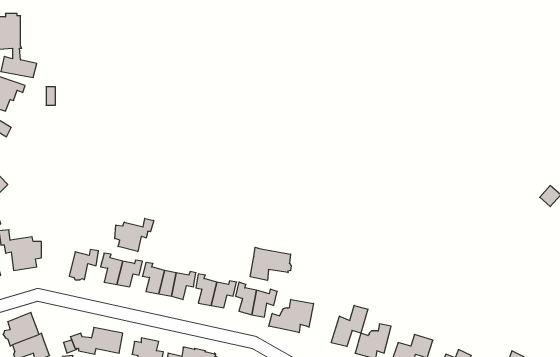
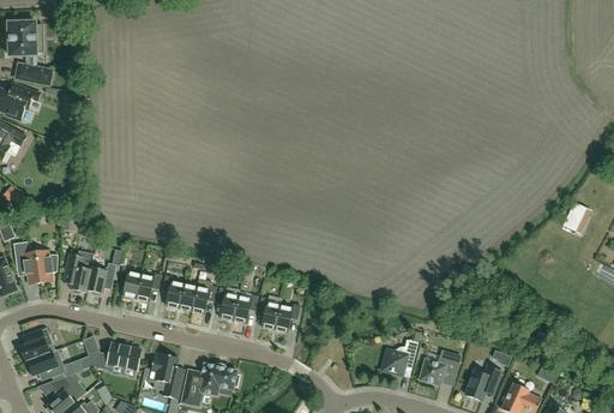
building: [115,218,154,252] -> none
building: none -> [64,253,92,293]
building: [250,247,291,280] -> none
building: [269,299,313,333] -> none
building: [331,305,368,347] -> none

